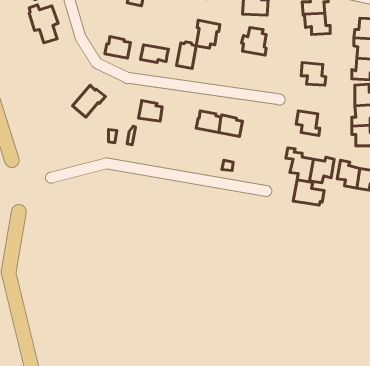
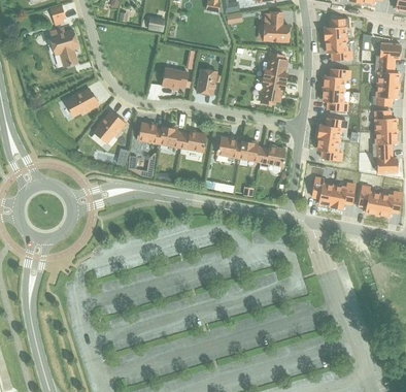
building: [196,20,220,48] -> [261,76,284,104]
building: [105,36,131,58] -> [136,122,162,143]
building: none -> [323,68,349,90]
building: none -> [65,88,98,116]
building: none -> [316,118,345,139]
building: none -> [180,131,205,151]
building: none -> [260,145,284,166]
building: [293,180,324,205] -> none

